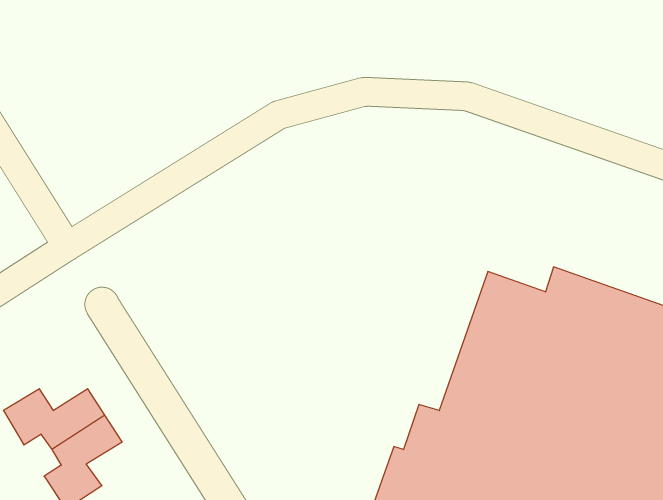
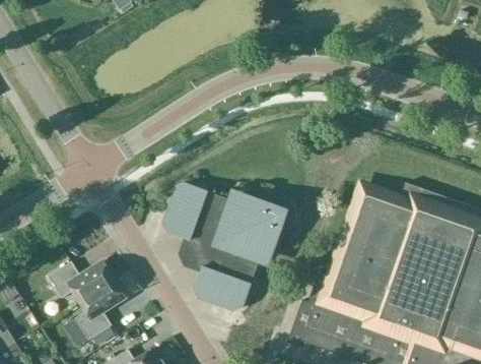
building: none -> [163,182,297,310]

